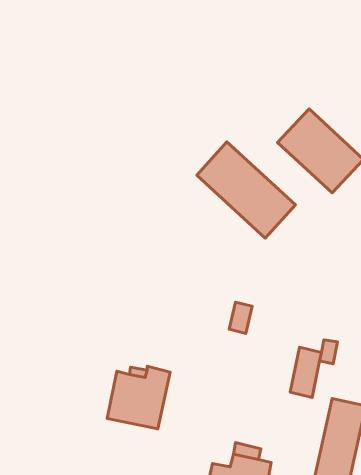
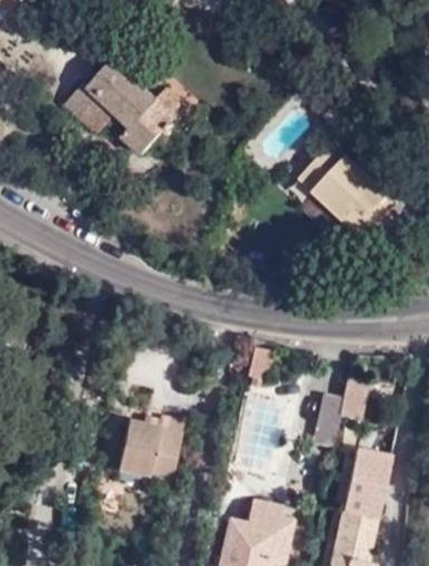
building: none -> [66,56,192,148]
building: [197,142,295,238] -> none

